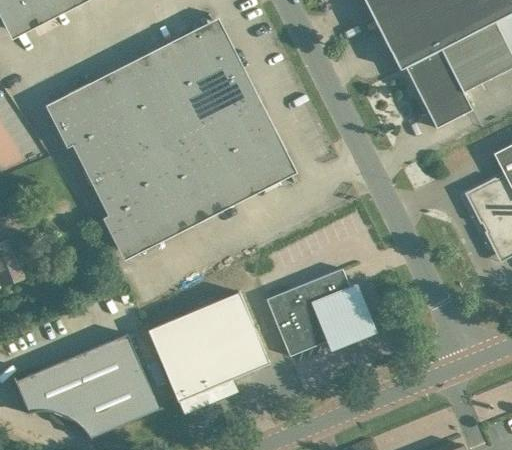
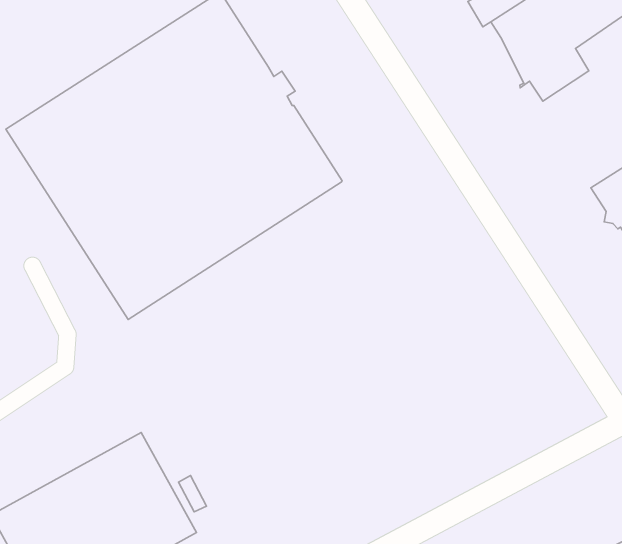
building: [266,268,370,356] -> none
building: [147,291,269,414] -> none

